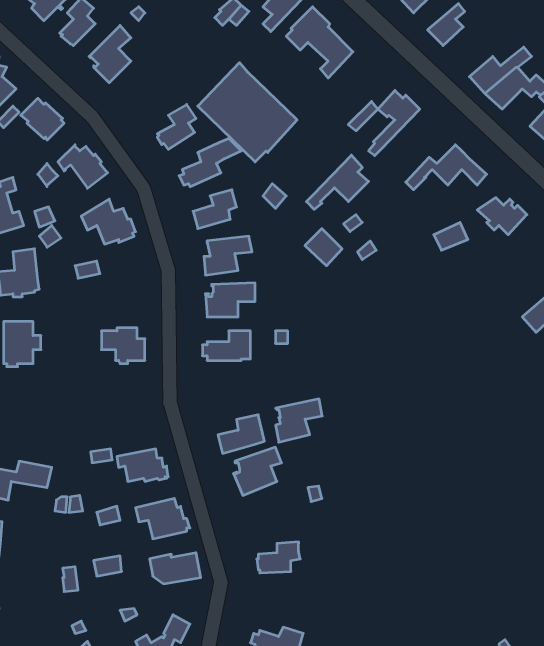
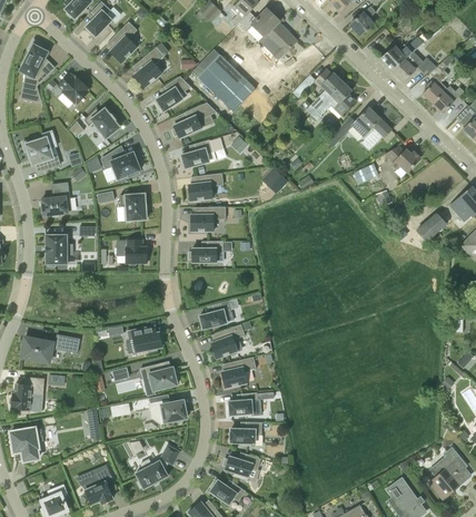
building: none -> [132,47,163,87]
building: [306,155,369,209] -> [311,81,356,120]
building: none -> [120,193,147,221]
building: [276,399,322,442] -> [222,357,256,388]
building: none -> [230,421,261,442]

